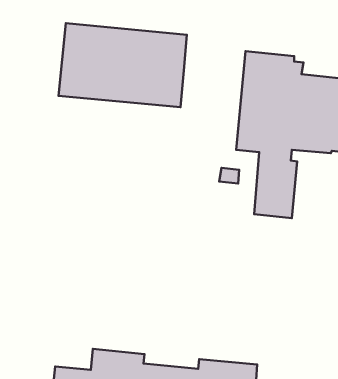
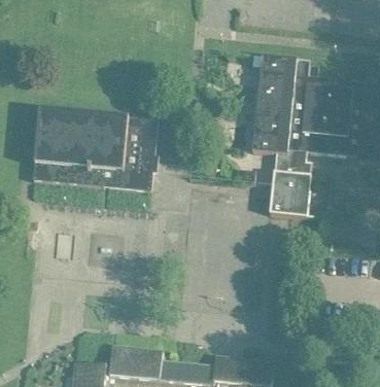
building: [59,23,187,107] -> [31,110,157,192]

